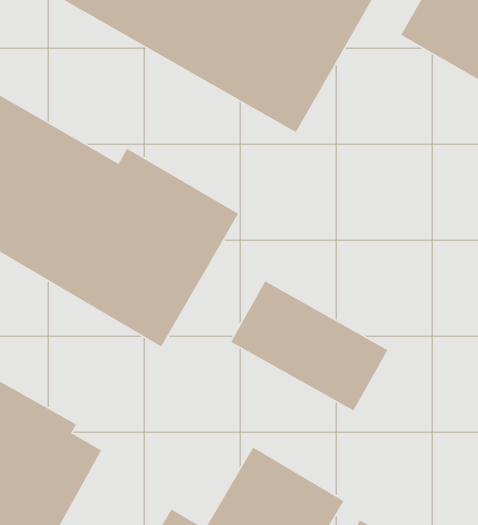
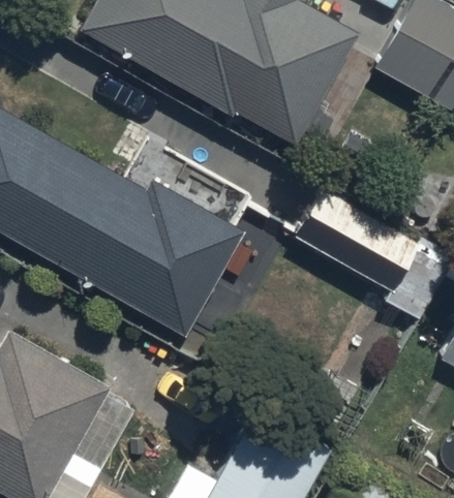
building: [230,280,389,412] -> [286,190,419,300]

